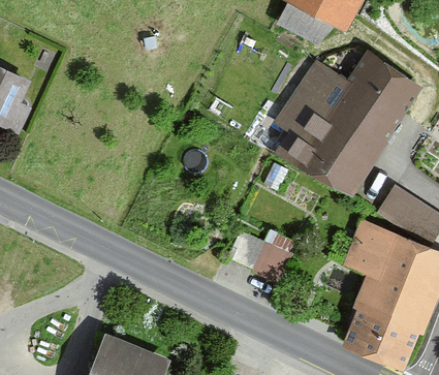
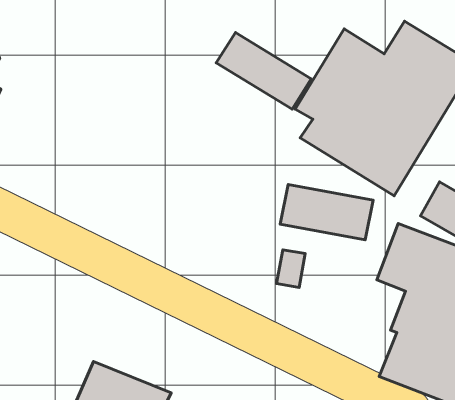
building: none -> [216,32,311,109]
building: none -> [280,184,373,240]

